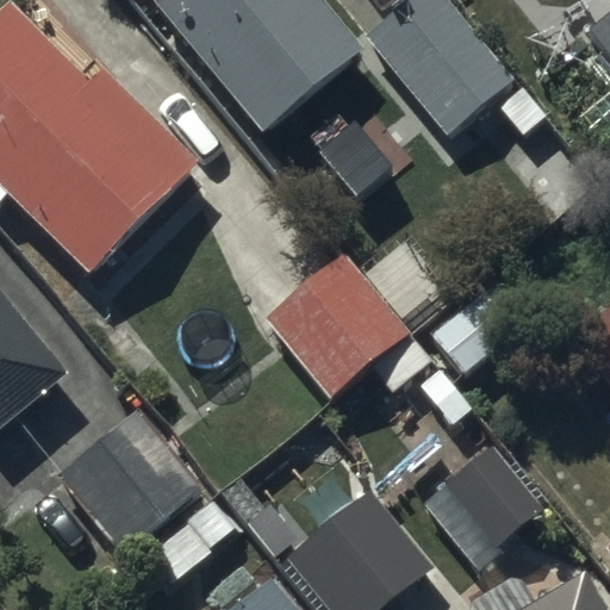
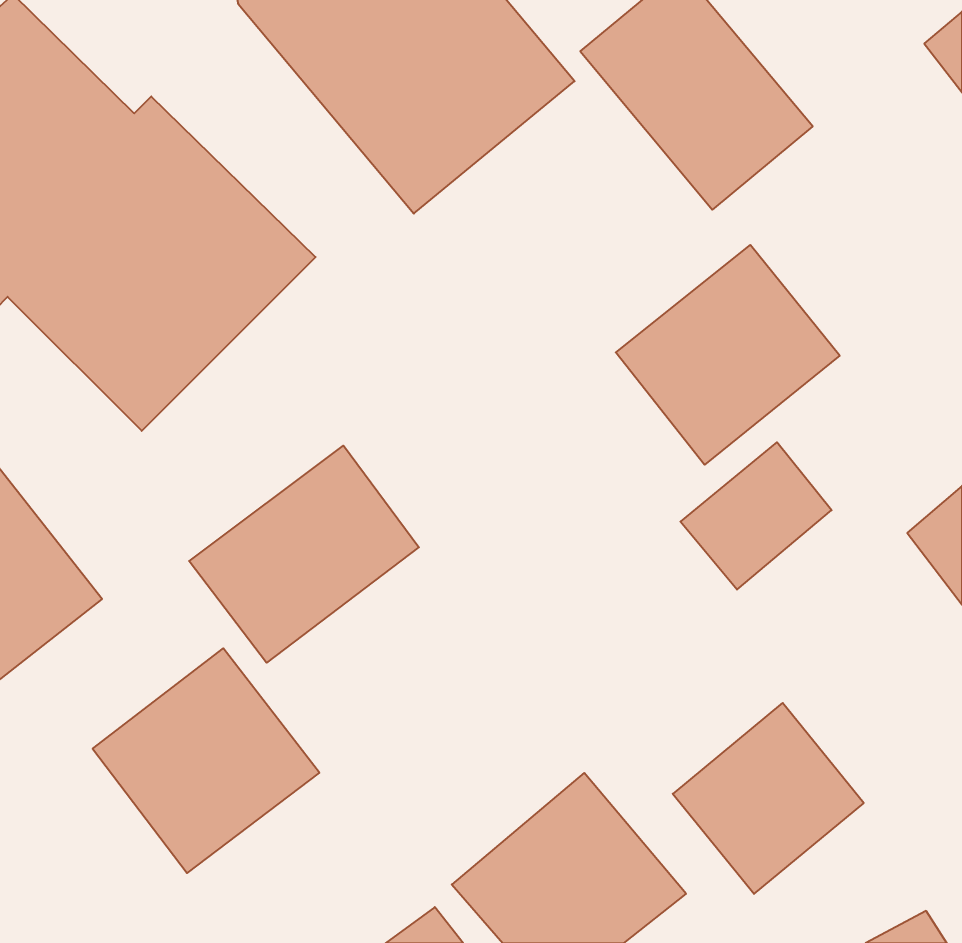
building: none -> [616,245,840,465]
building: [263,251,430,398] -> none
building: none -> [189,446,419,663]

